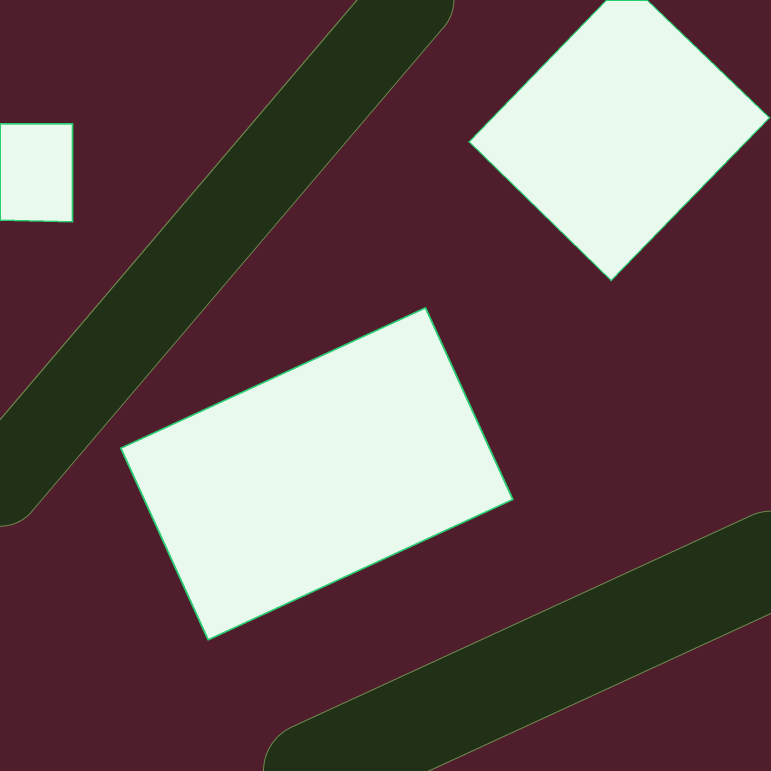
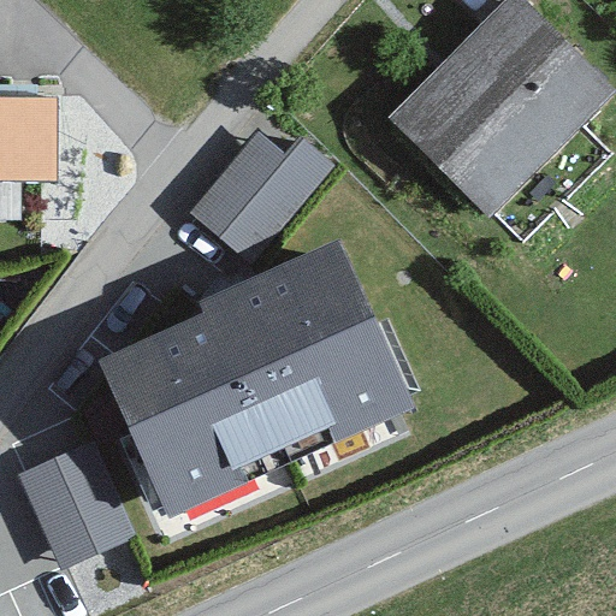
building: none -> [194,135,336,262]
building: none -> [20,446,138,563]

